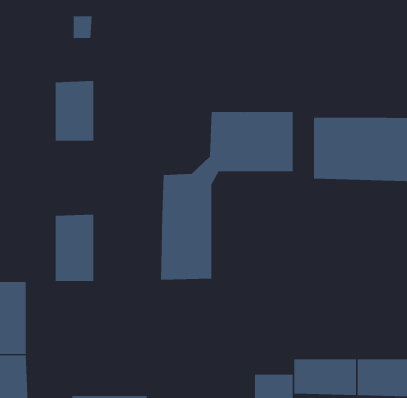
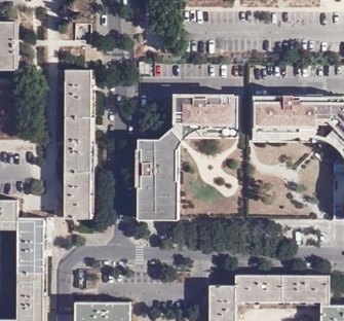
building: none -> [63,115,91,170]

